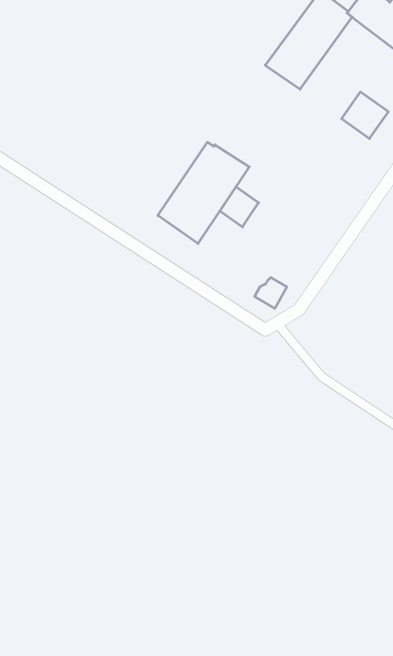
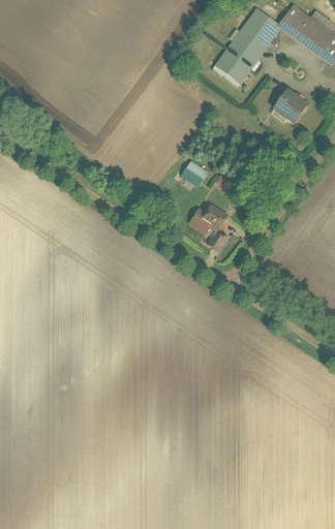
building: [158,142,249,244] -> none
building: none -> [188,203,227,236]

